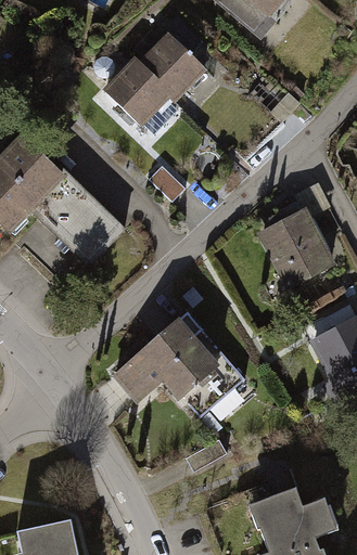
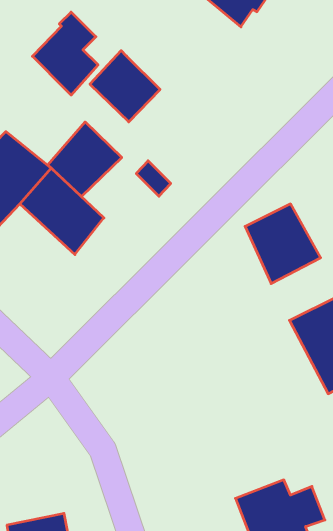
building: [140,15,206,99] -> [32,12,98,95]
building: none -> [48,122,122,197]
building: [113,311,259,434] -> none

